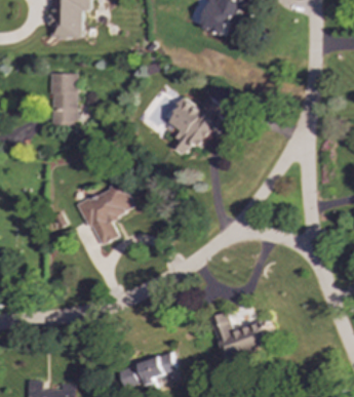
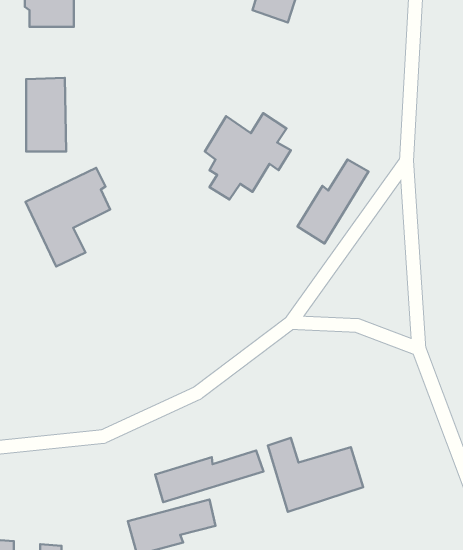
building: none -> [297,159,369,243]
building: [78,180,134,245] -> [26,168,110,266]
building: none -> [155,451,263,502]

